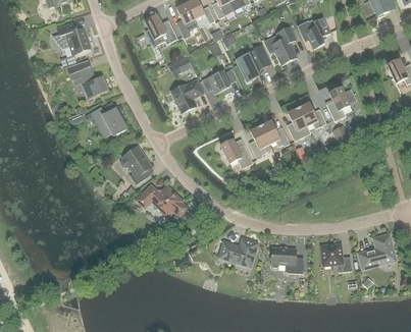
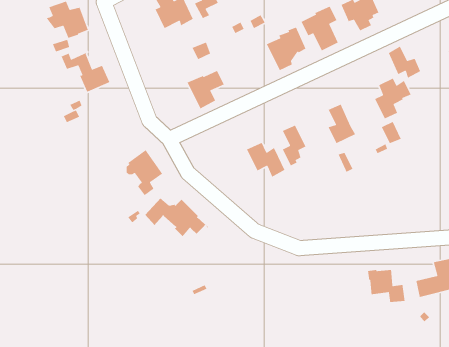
building: [208,68,237,93] -> none
building: [299,101,326,128] -> [388,45,421,79]
building: [86,106,127,135] -> none
building: [261,119,290,146] -> none
building: [219,237,257,265] -> none
building: [271,246,304,273] -> none

